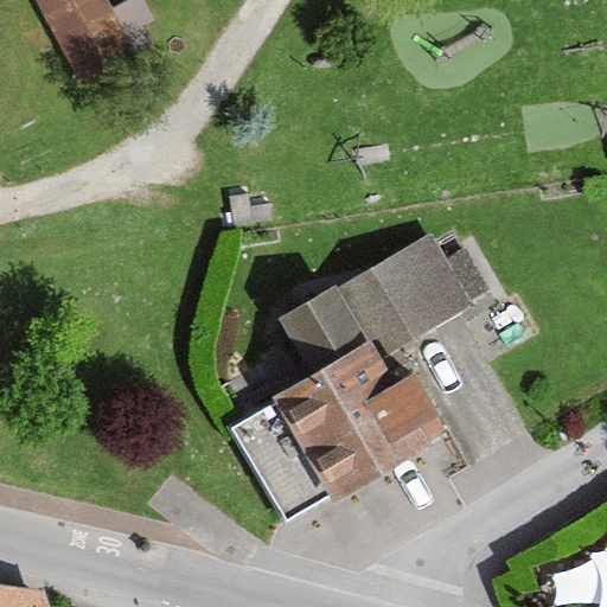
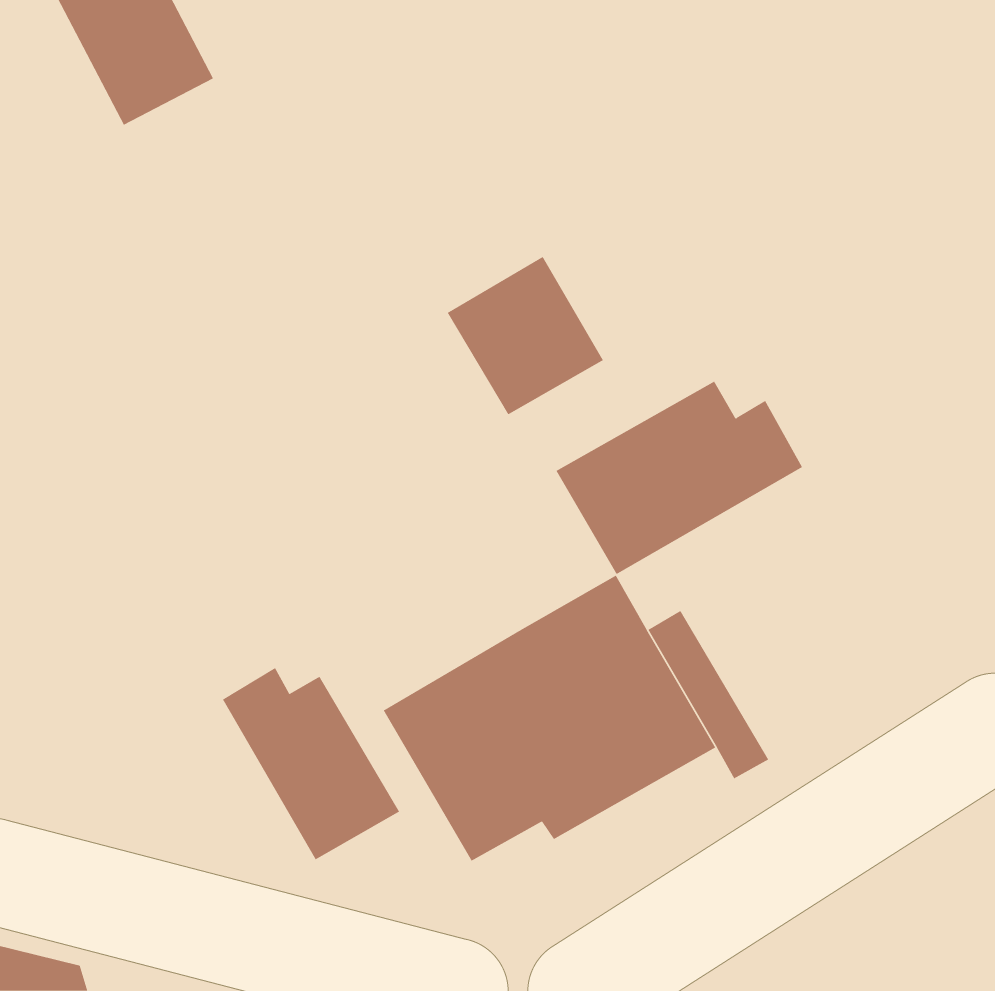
building: [277,285,372,381] -> [447,256,604,415]
building: none -> [222,667,400,860]

